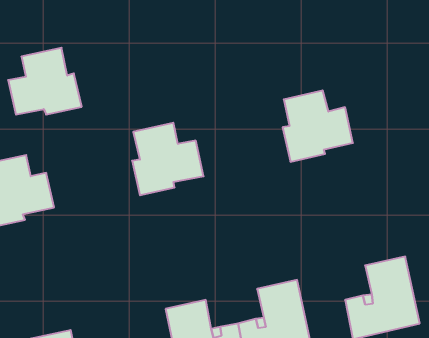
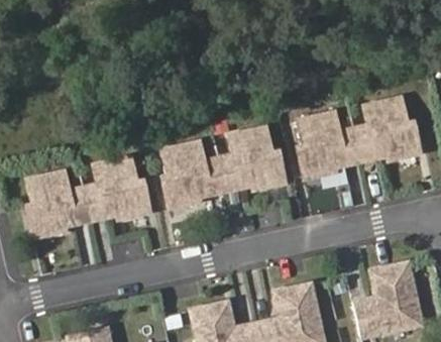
building: [8,48,82,115] -> [84,157,150,218]
building: none -> [354,97,420,159]
building: none -> [219,127,284,190]

